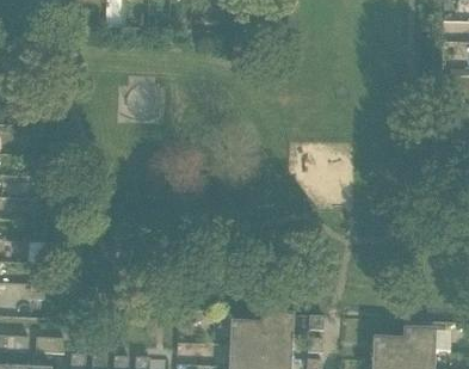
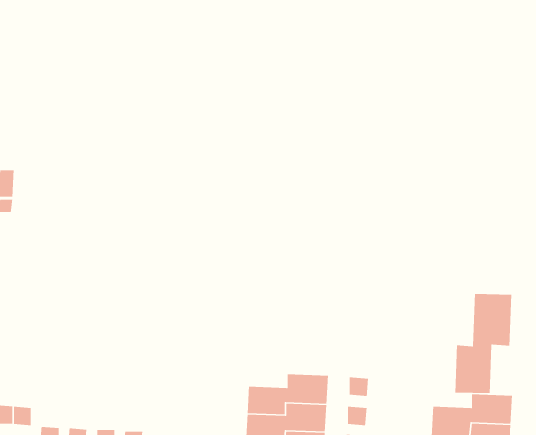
building: none -> [454,293,512,394]

